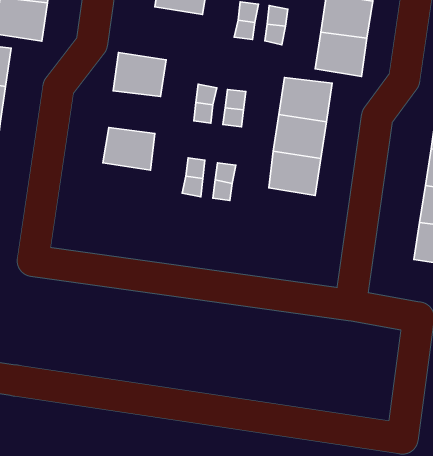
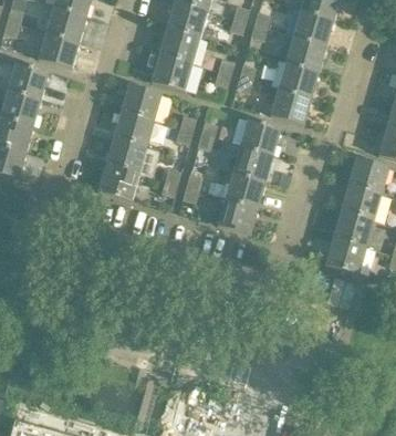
building: none -> [150,53,192,91]
building: none -> [113,111,154,146]
building: none -> [97,163,139,200]
building: none -> [217,197,258,233]

